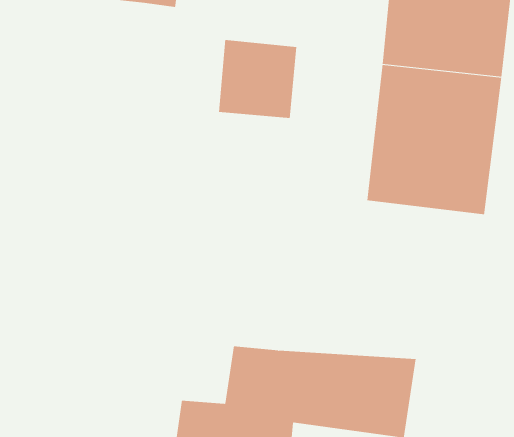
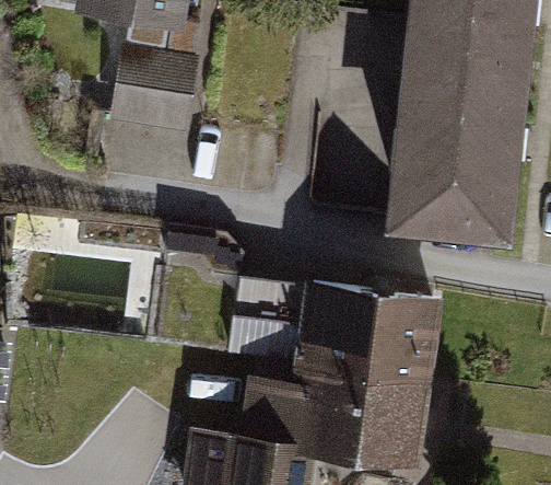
building: [218,39,297,119] -> [113,68,192,148]
building: none -> [295,281,447,389]

